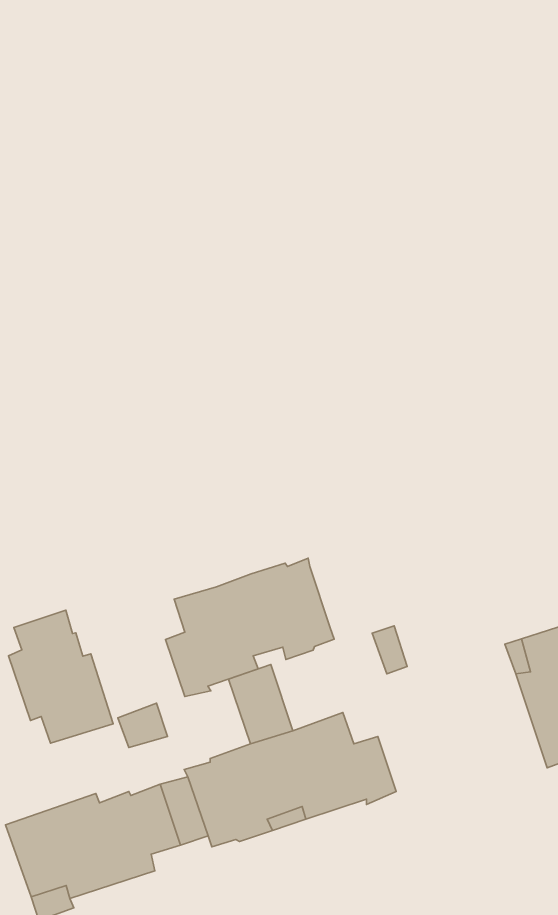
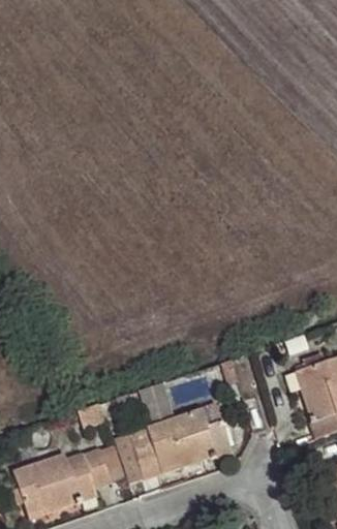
building: [165,558,334,697] -> none
building: [8,610,113,743] -> none

